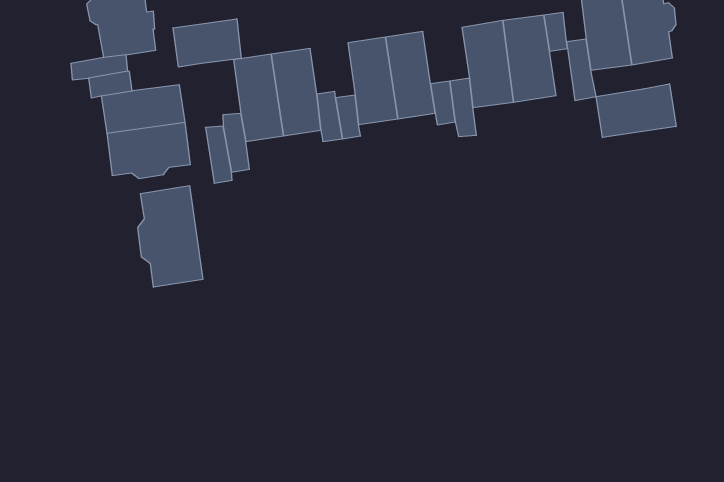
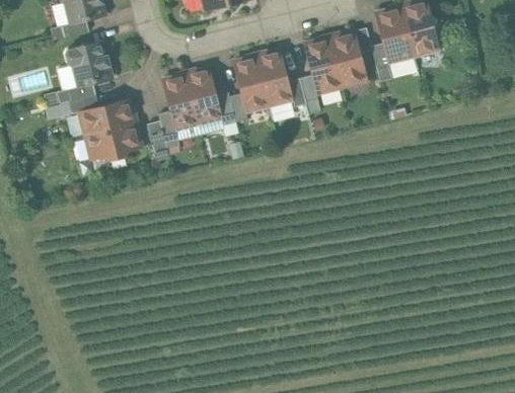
building: [173,19,241,67] -> none
building: [596,84,676,138] -> none
building: [138,186,203,287] -> none

